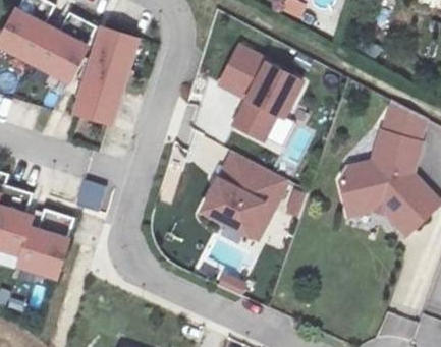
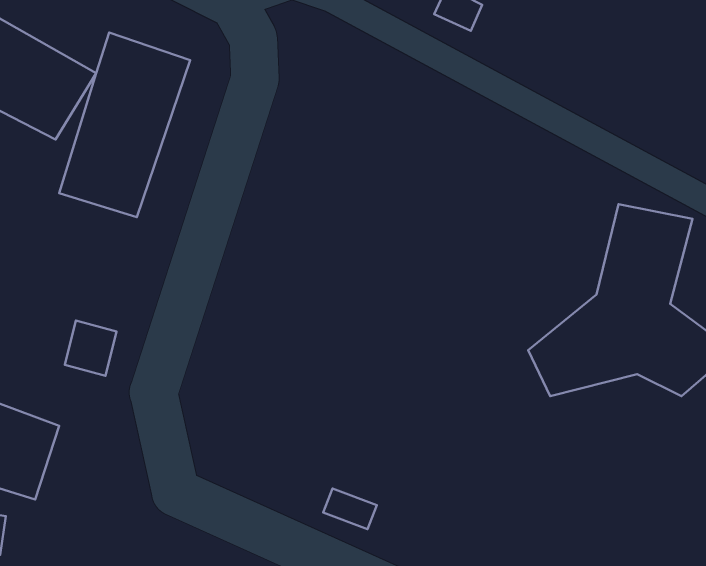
building: [213,49,301,146] -> none
building: [210,154,279,236] -> none

